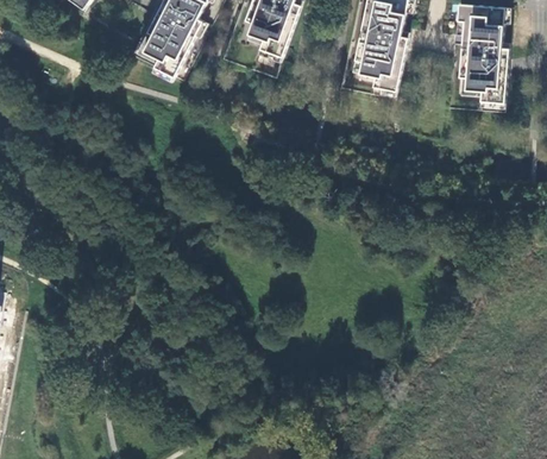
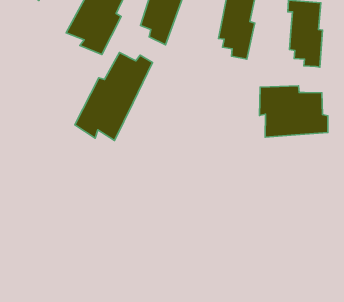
building: none -> [75,52,153,141]
building: none -> [259,86,328,137]

